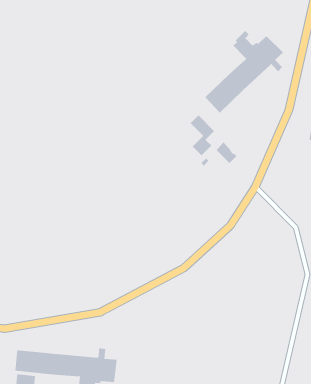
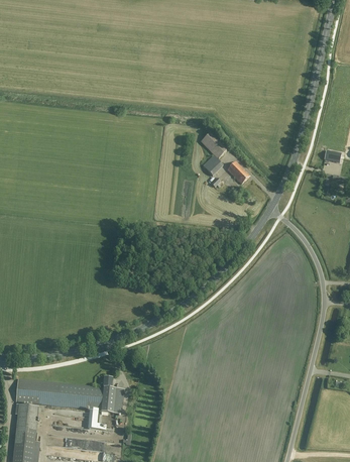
building: [205,30,284,113] -> none

